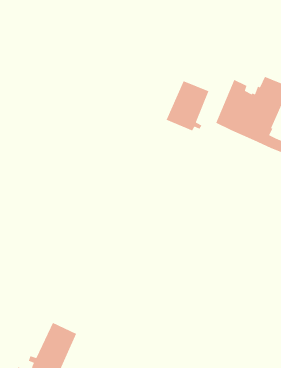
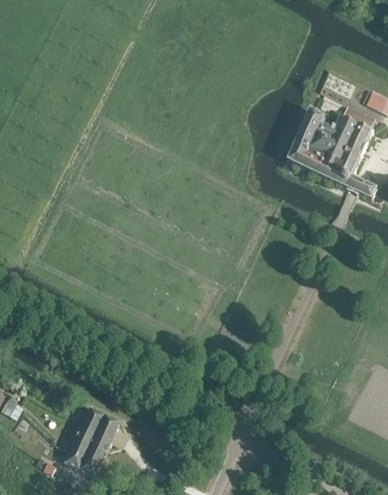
building: [166,80,210,132] -> none

